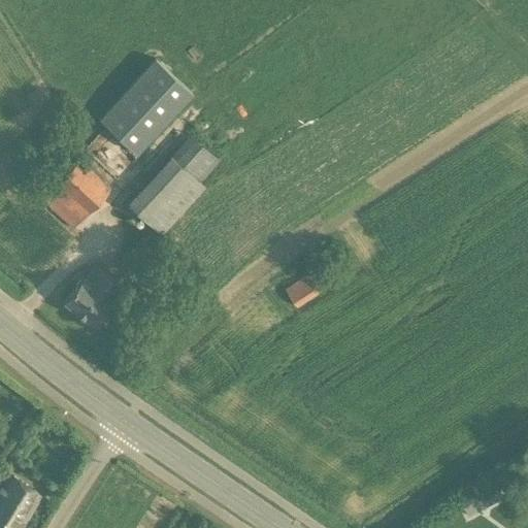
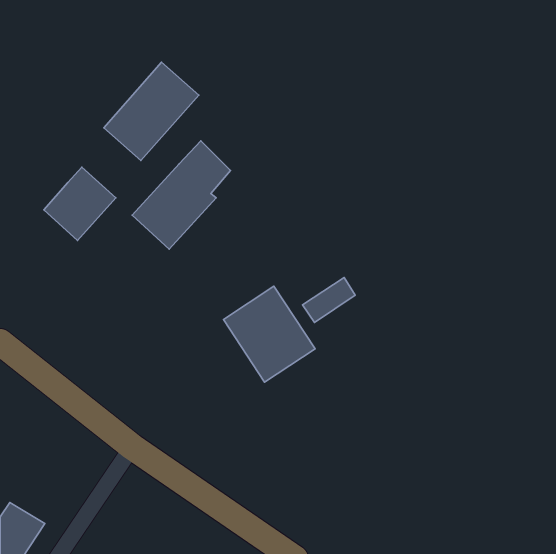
building: [64,270,124,330] -> none
building: none -> [223,286,315,382]

